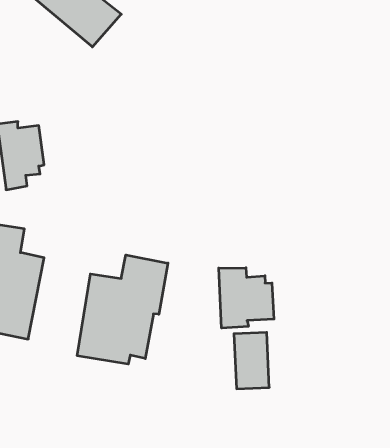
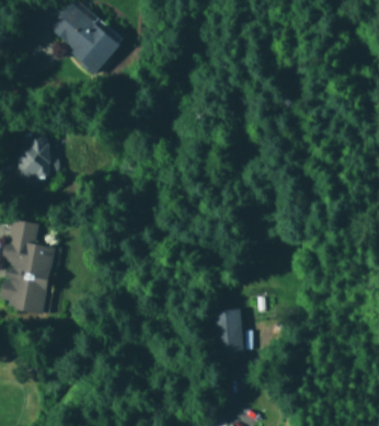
building: [77,255,168,364] -> none
building: [219,268,274,328] -> none

